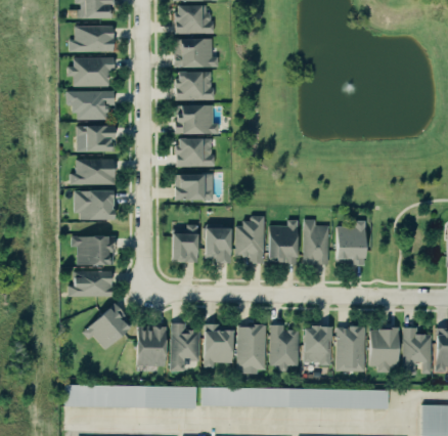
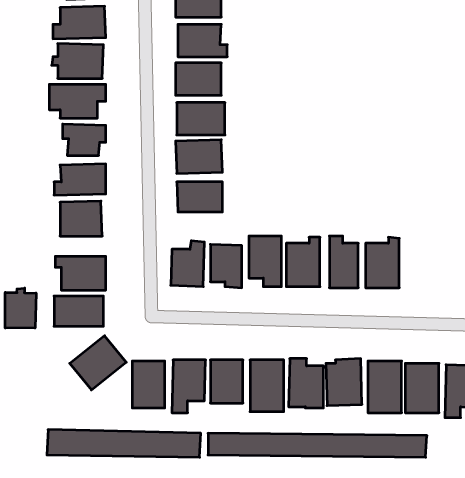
building: none -> [5,288,36,328]

